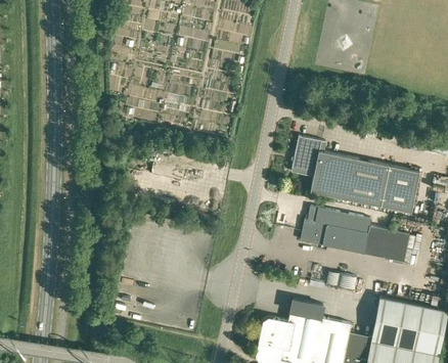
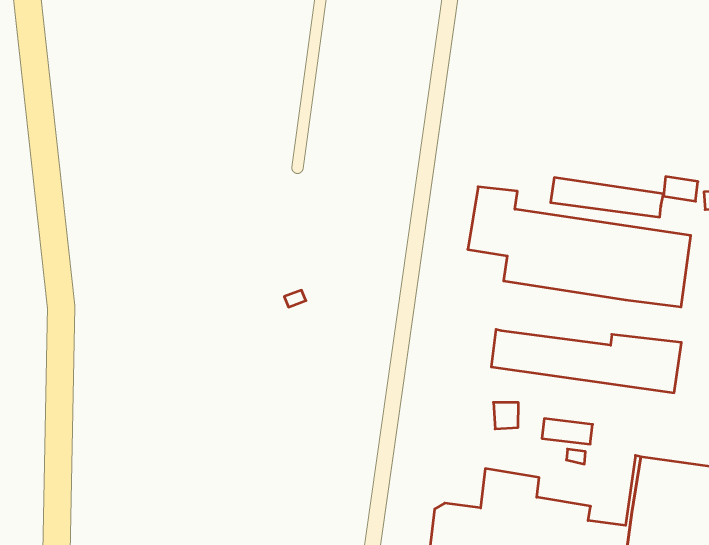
building: [307,207,372,233] -> [551,178,664,217]

